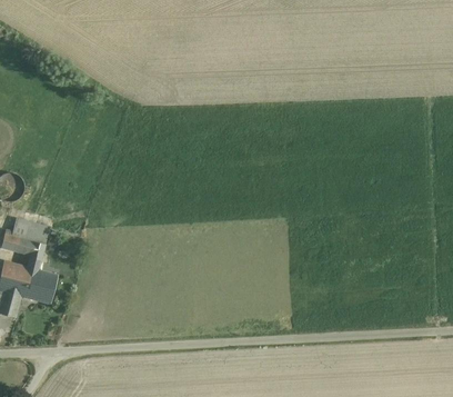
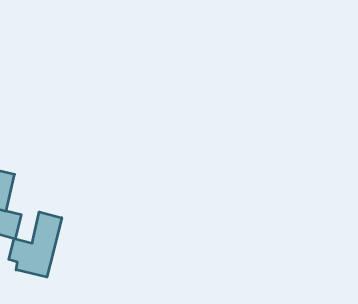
building: none -> [9,212,62,277]

